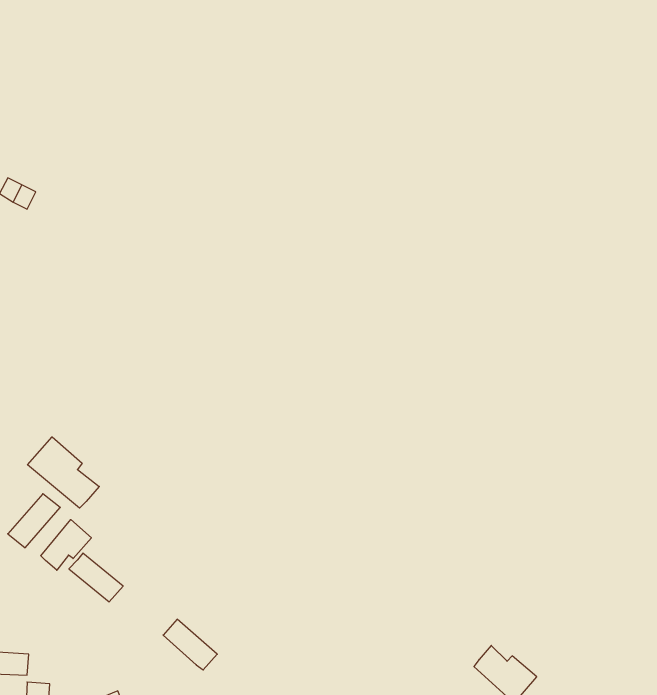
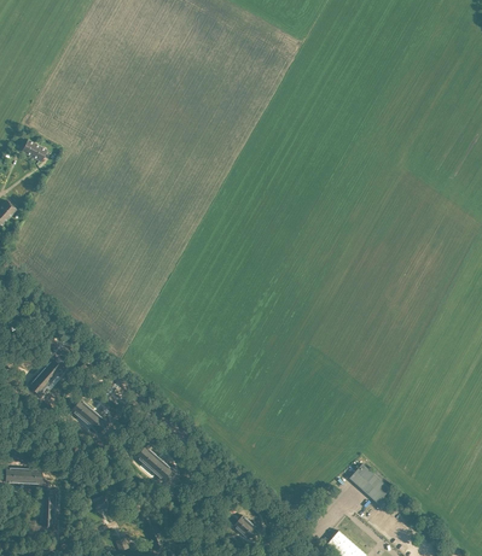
building: [28,437,99,508] -> none
building: [41,520,91,570] -> none

